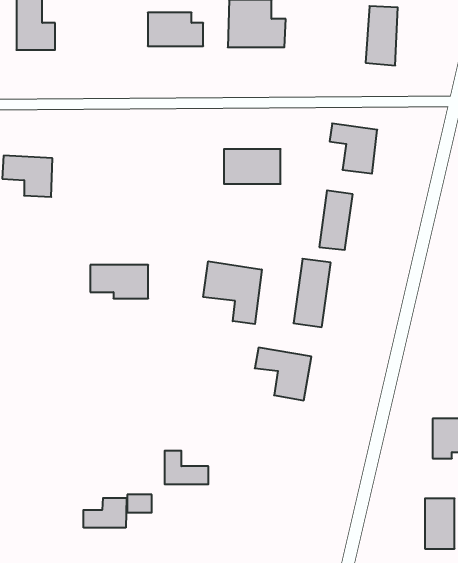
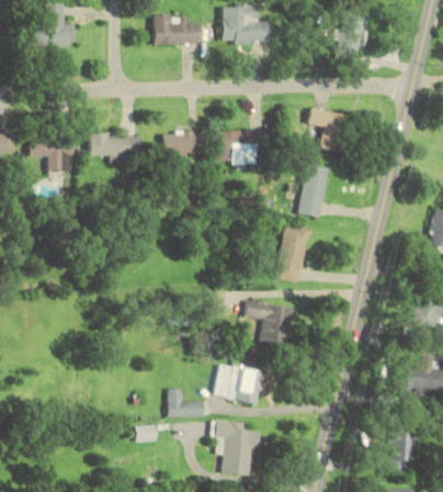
building: none -> [162,132,201,154]
building: [203,261,262,324] -> none
building: [90,265,148,298] -> [90,134,139,163]
building: none -> [215,365,272,404]
building: none -> [213,422,261,476]
building: [83,498,126,528] -> none

